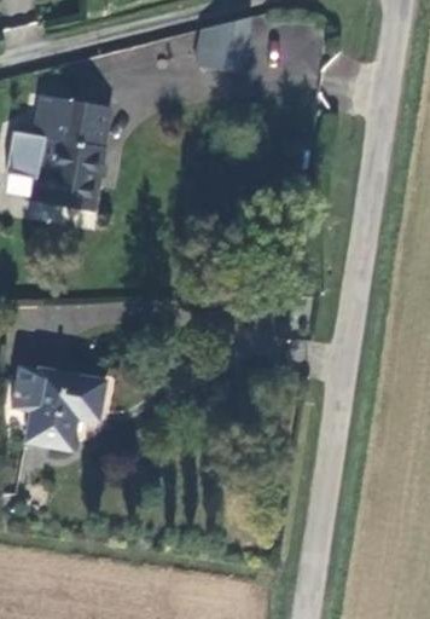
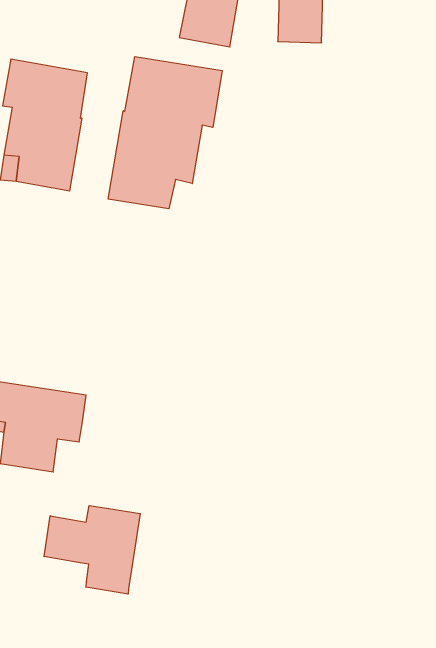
building: none -> [108,57,222,209]
building: none -> [44,506,140,594]

